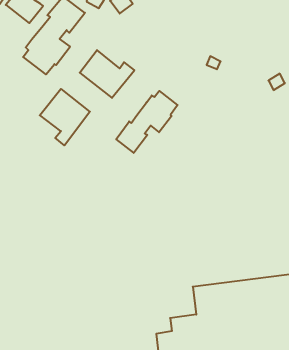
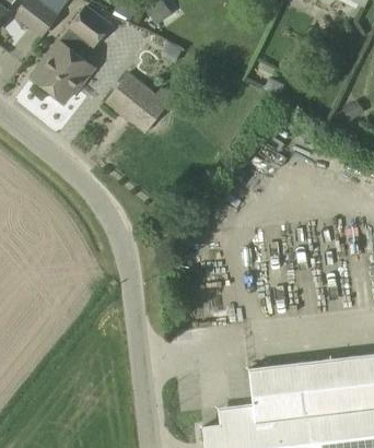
building: [40,89,90,145] -> none
building: [116,91,178,153] -> none

